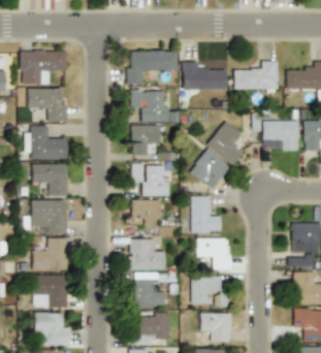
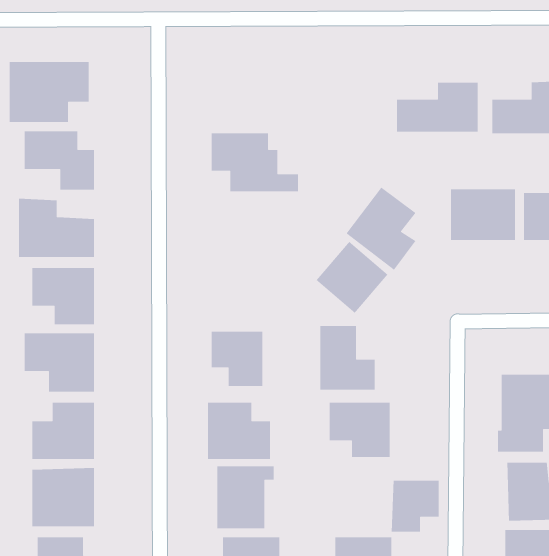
building: [127,51,178,85] -> none
building: [183,62,226,90] -> none
building: [131,125,160,155] -> none
building: [133,166,168,197] -> none
building: [195,276,222,304] -> [391,480,440,532]

